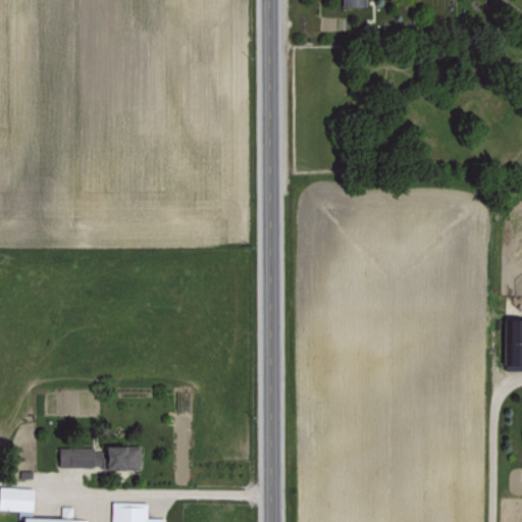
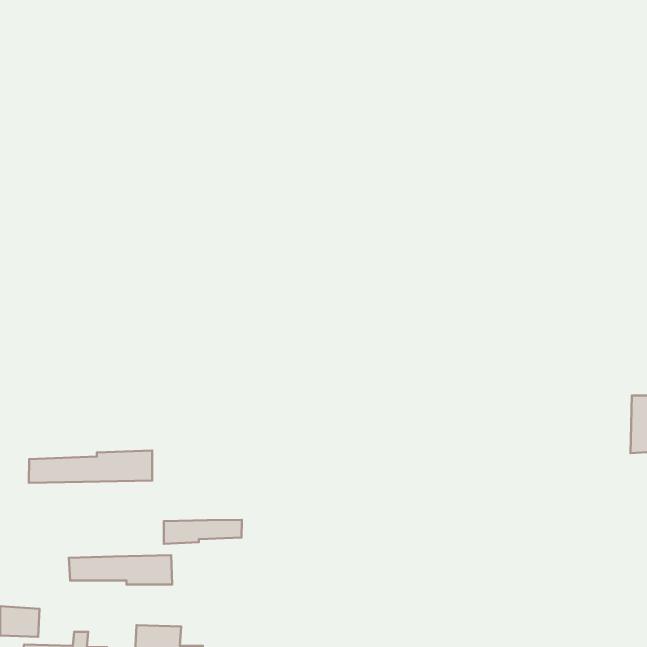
building: none -> [29,450,152,483]
building: none -> [164,520,242,544]

